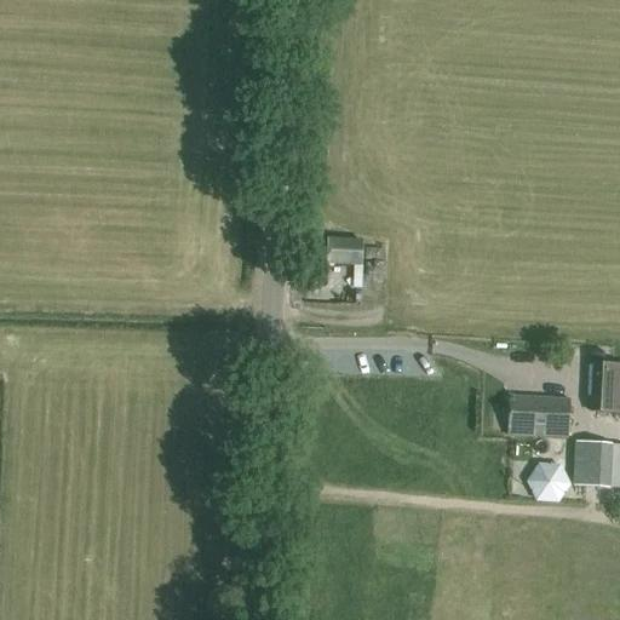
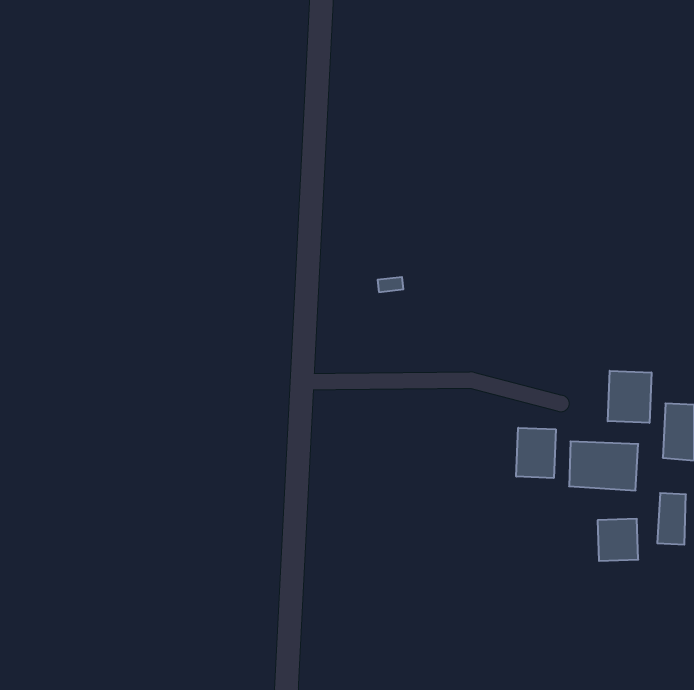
building: none -> [608,371,651,423]
building: none -> [516,428,556,478]

